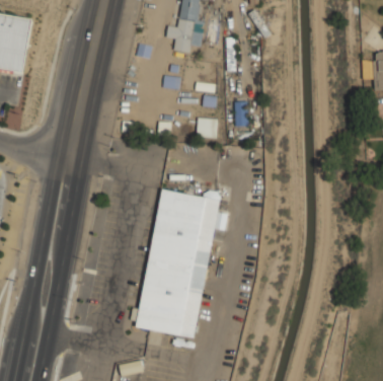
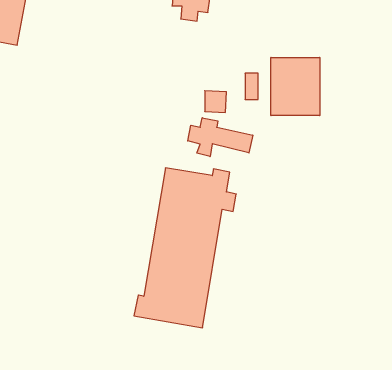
building: none -> [271,57,320,116]
building: none -> [188,118,253,157]

